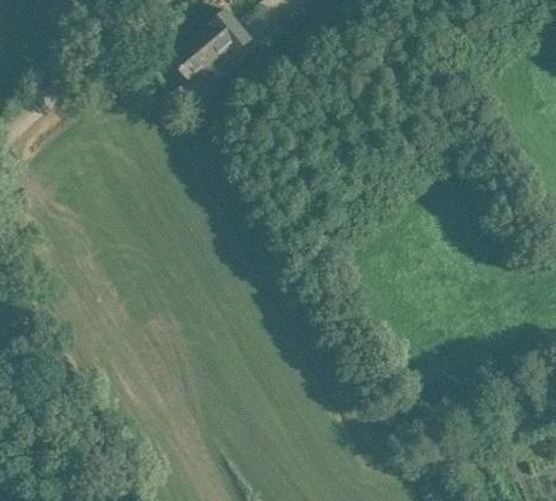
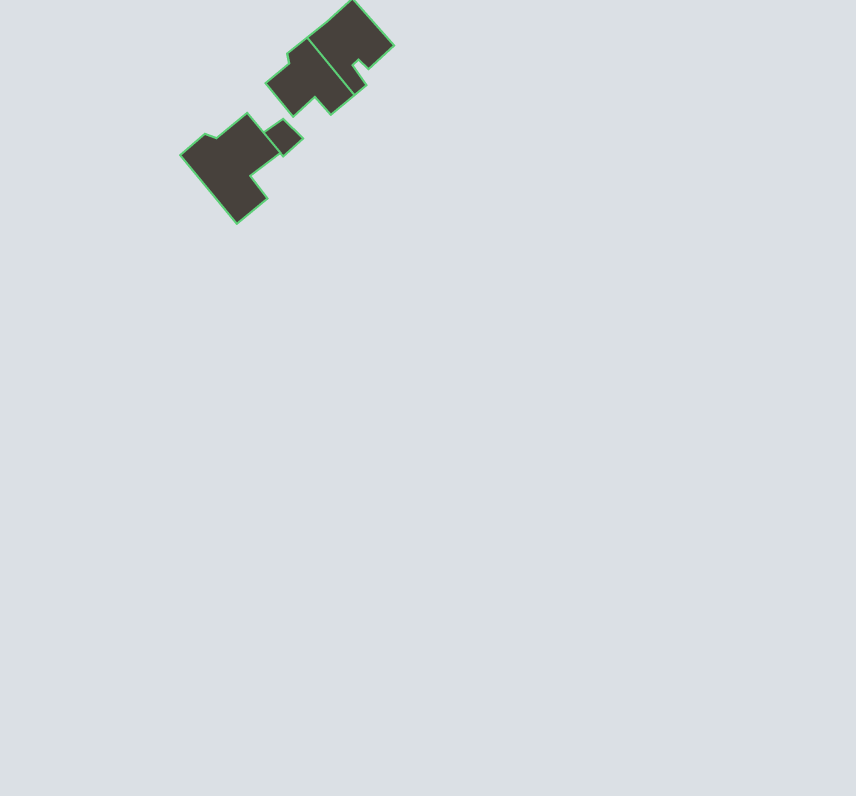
building: none -> [180,113,280,224]

